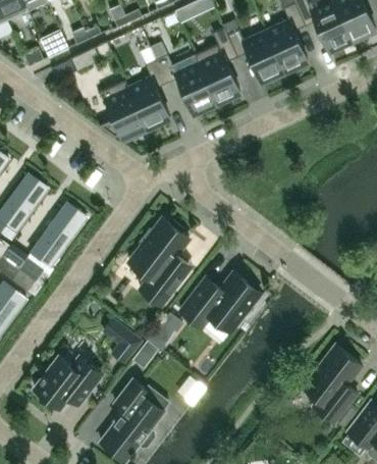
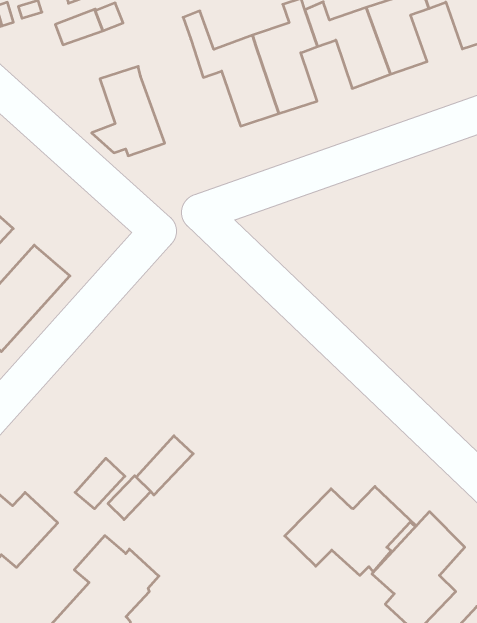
building: [126,60,169,127] -> none
building: [128,218,191,306] -> none
building: [179,273,262,330] -> [285,486,416,575]

